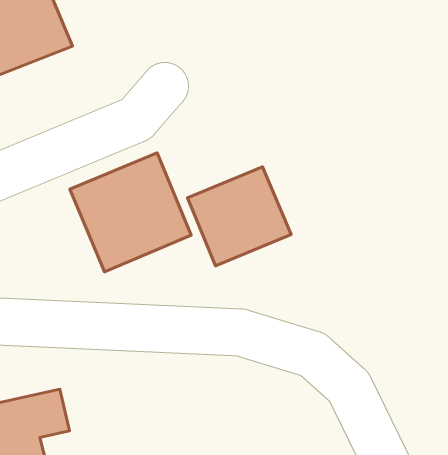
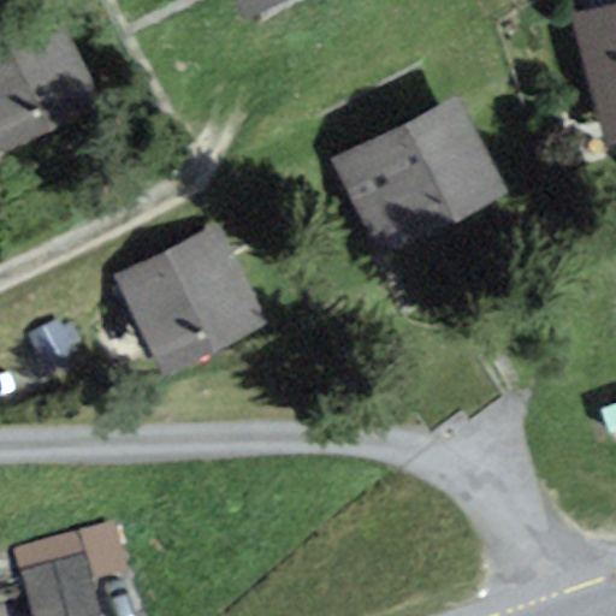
building: none -> [333,95,510,259]
building: [187,167,291,266] -> none

